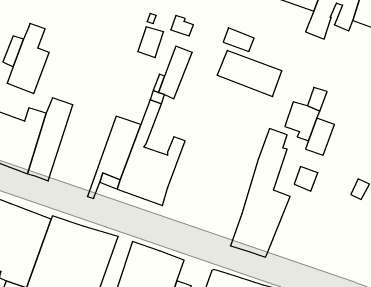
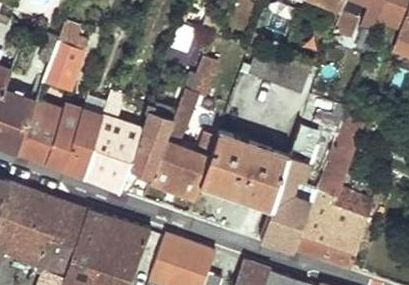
building: none -> [83,93,143,192]
building: none -> [199,133,287,209]
building: none -> [295,182,373,267]

